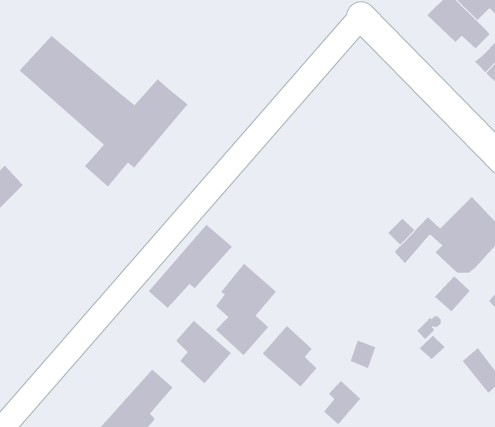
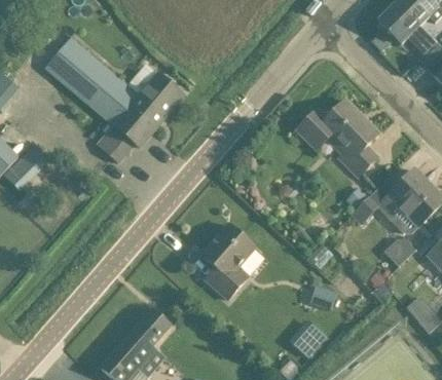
building: none -> [296,101,378,177]
building: [148,224,233,309] -> none
building: [176,320,232,384] -> none
building: [262,325,317,387] -> none

